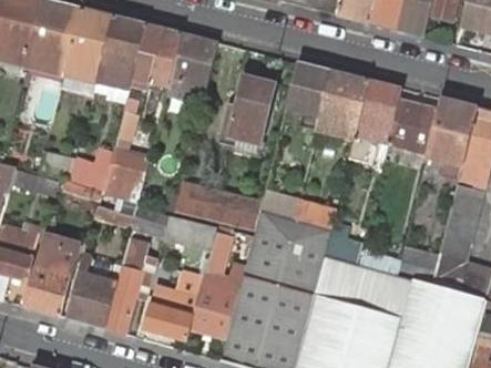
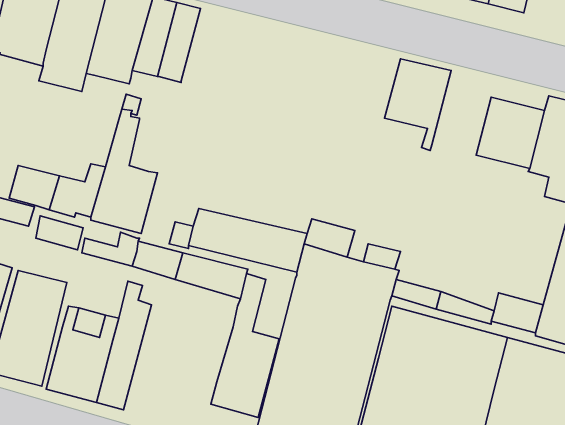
building: [168,32,218,100] -> none
building: [288,61,333,129] -> none
building: [219,73,276,151] -> none
building: [356,79,402,142] -> none
building: [144,252,211,338] -> none

